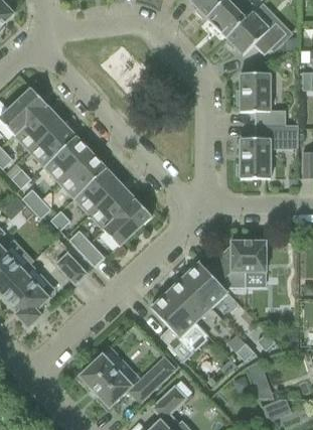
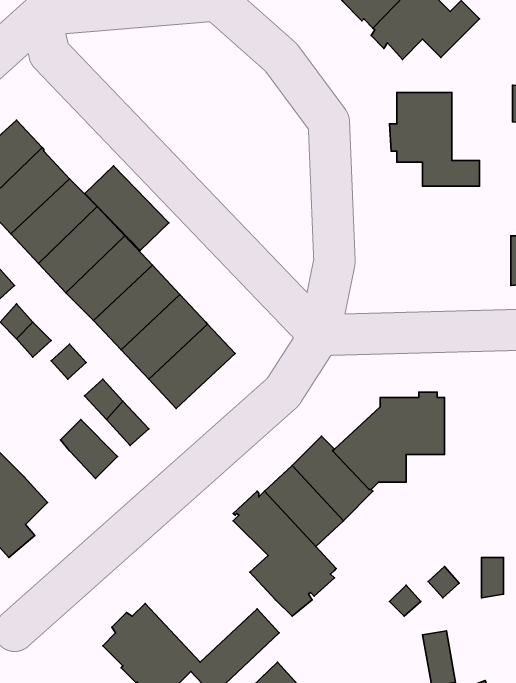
building: none -> [85,166,169,251]
building: [237,124,286,178] -> none

